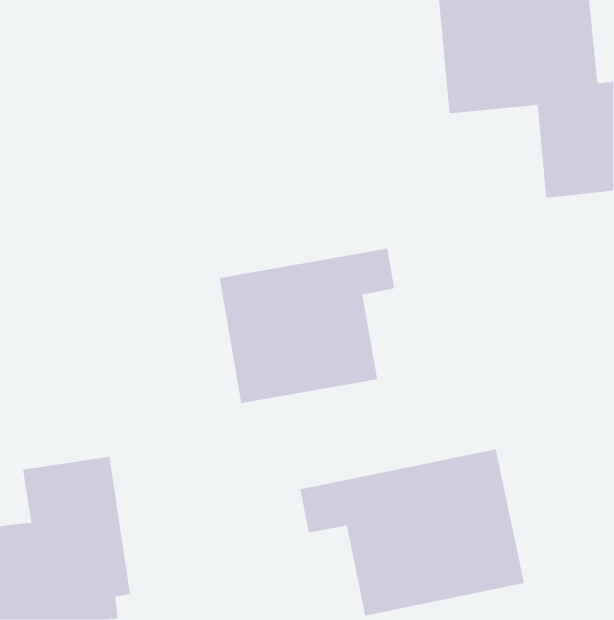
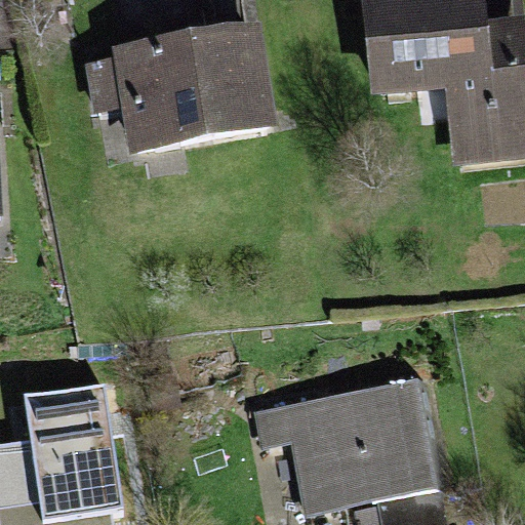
building: none -> [118,26,281,156]
building: [219,248,395,404] -> none

